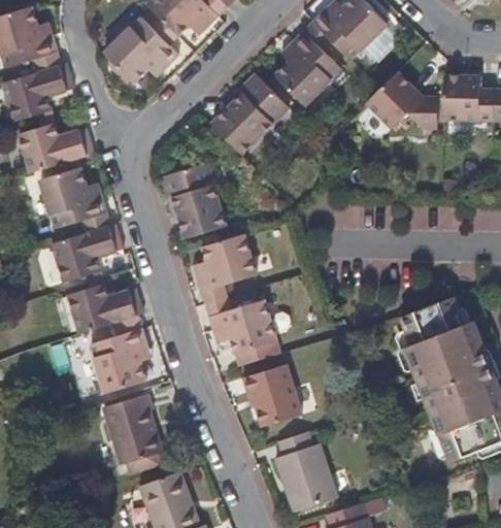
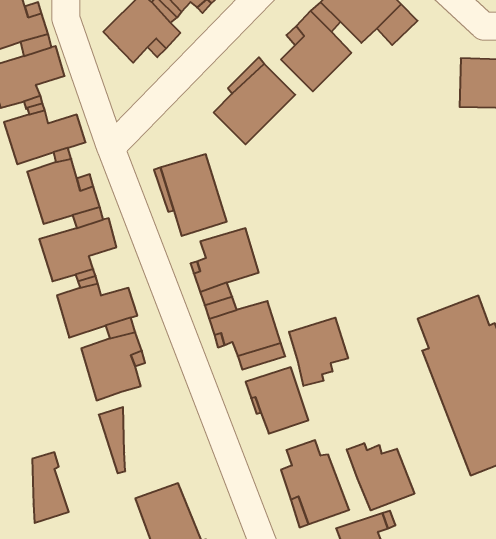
building: [365,72,436,129] -> none
building: none -> [289,318,348,386]
building: [128,394,162,460] -> [32,452,69,523]
building: none -> [347,443,414,510]

